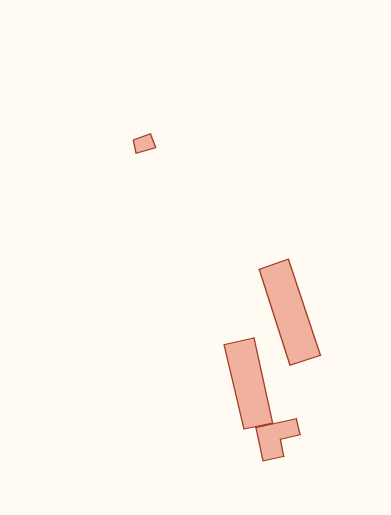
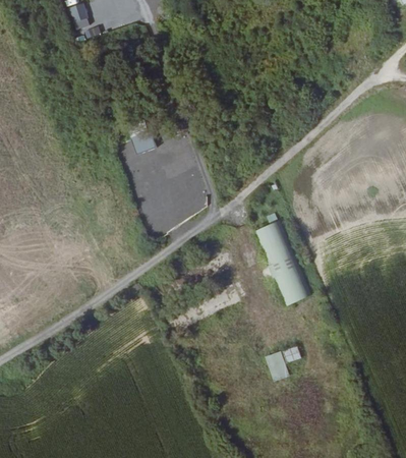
building: [224,338,273,429] -> none

